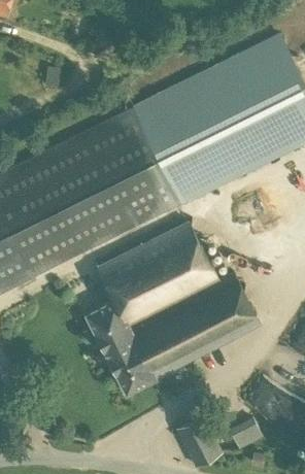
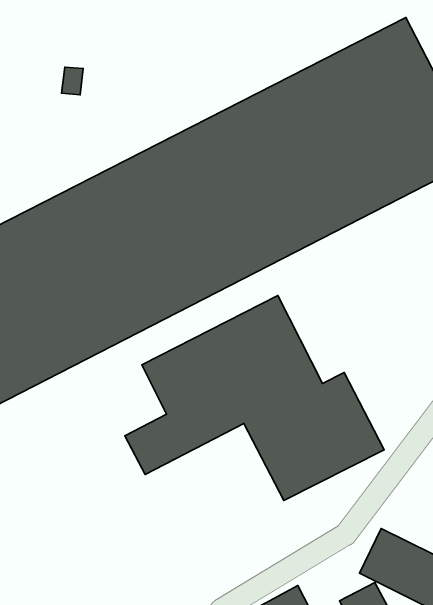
building: [100,307,193,393] -> none

